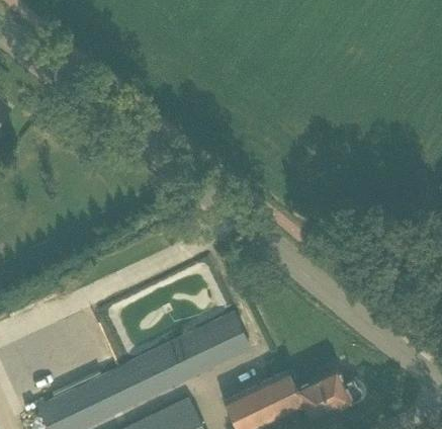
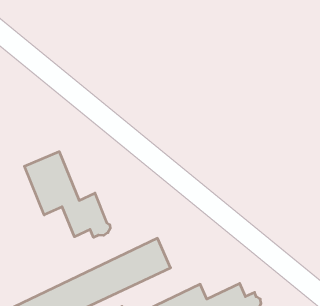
building: none -> [24,152,110,237]

